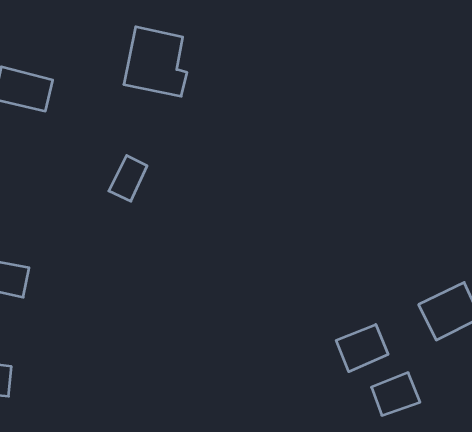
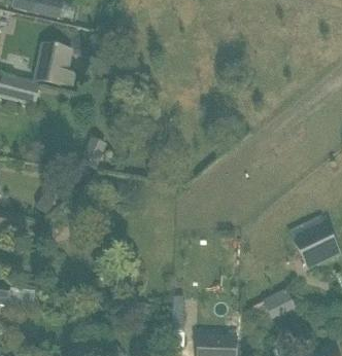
building: [124,27,187,96] -> [32,39,76,87]
building: [336,324,388,372] -> none

